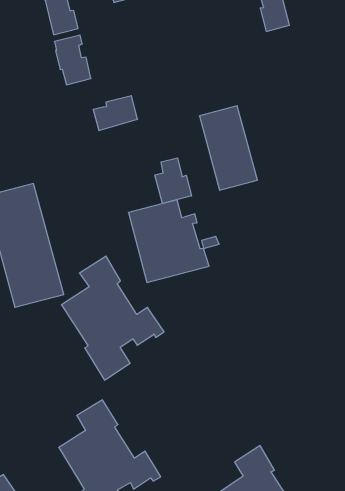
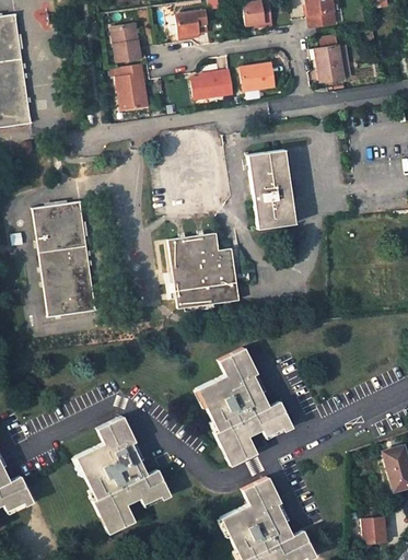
building: none -> [241,65,275,91]
building: [93,96,138,131] -> [191,71,233,101]
building: [155,158,191,203] -> none
building: [61,256,164,380] -> [197,348,292,466]

